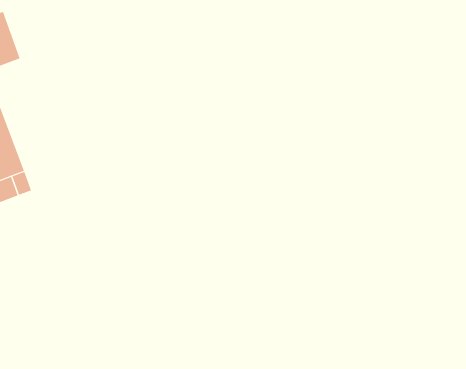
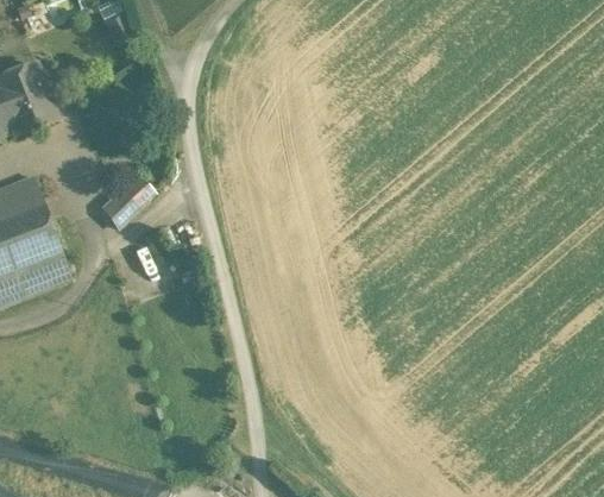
building: none -> [99,172,152,228]

